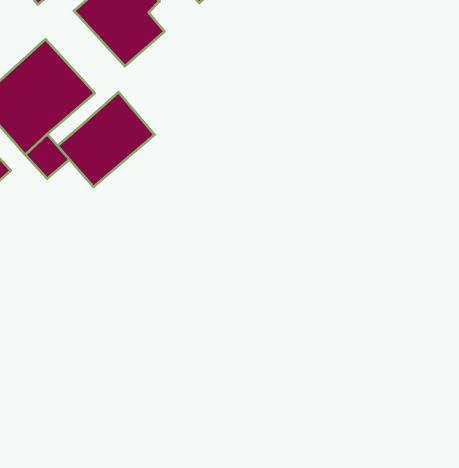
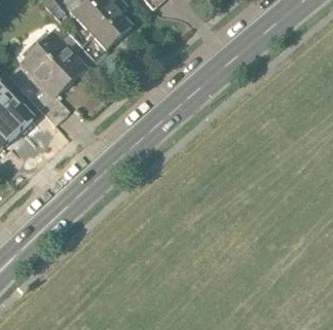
building: [57,92,155,187] -> none

